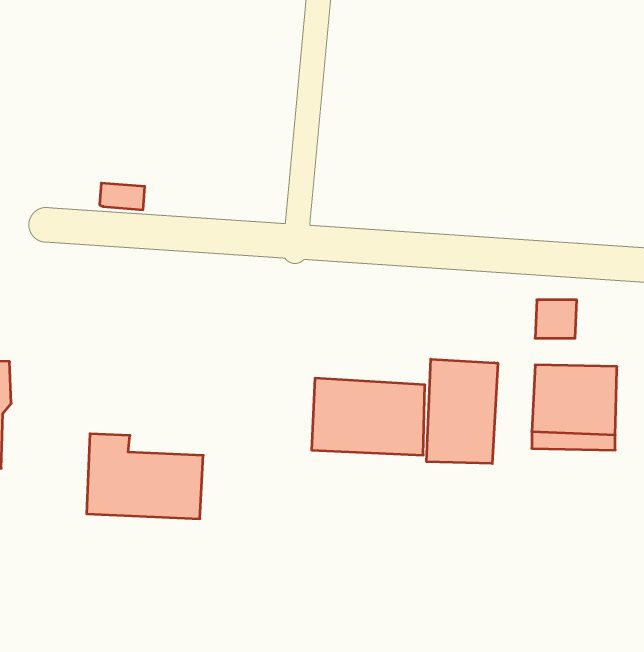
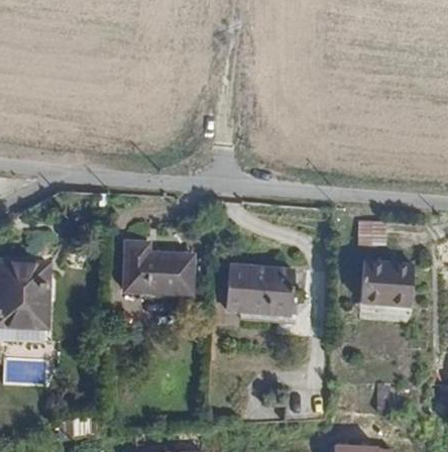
building: [427,359,498,464] -> none
building: [87,434,203,519] -> [123,241,194,293]

